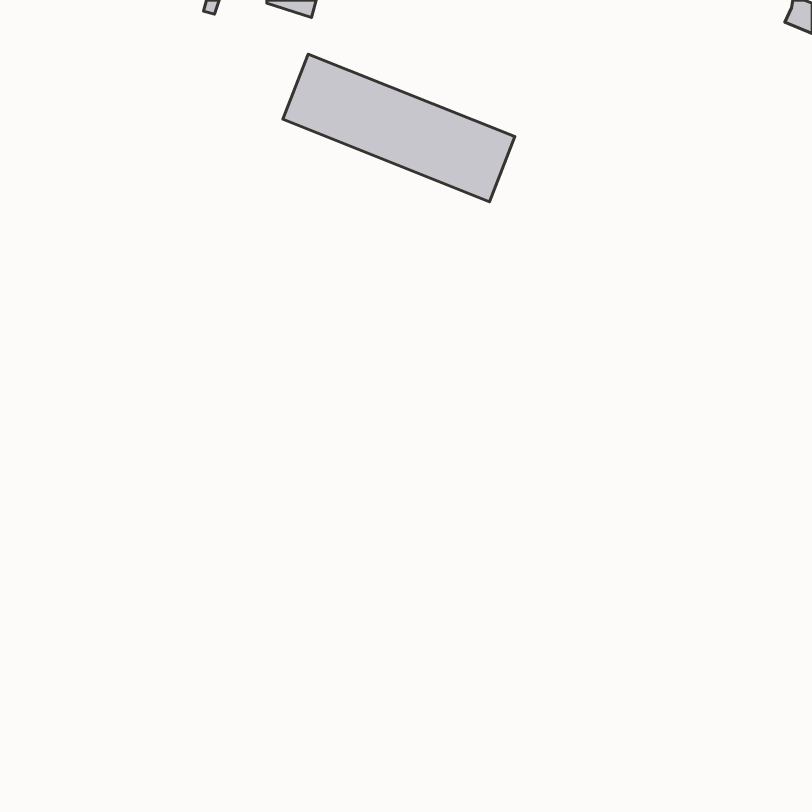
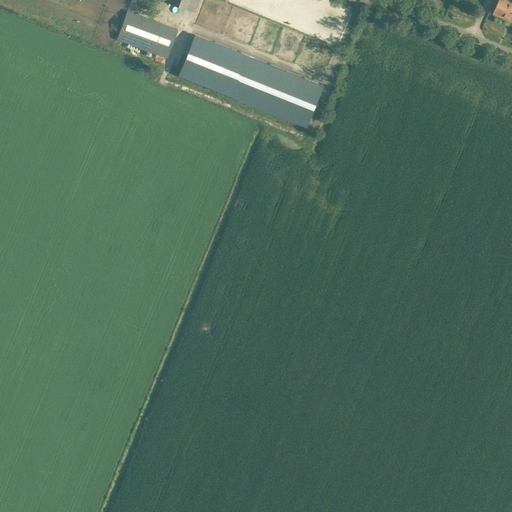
building: none -> [116,11,177,58]

